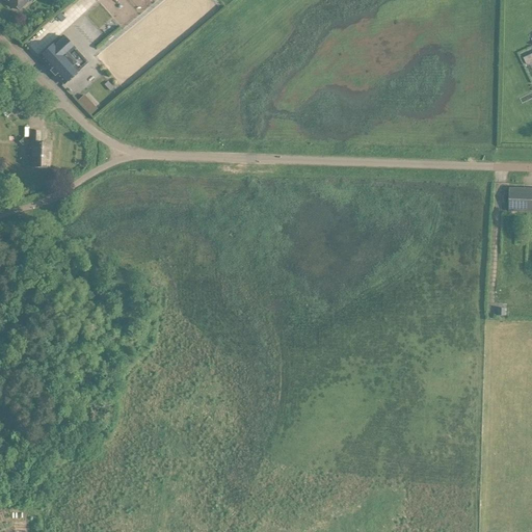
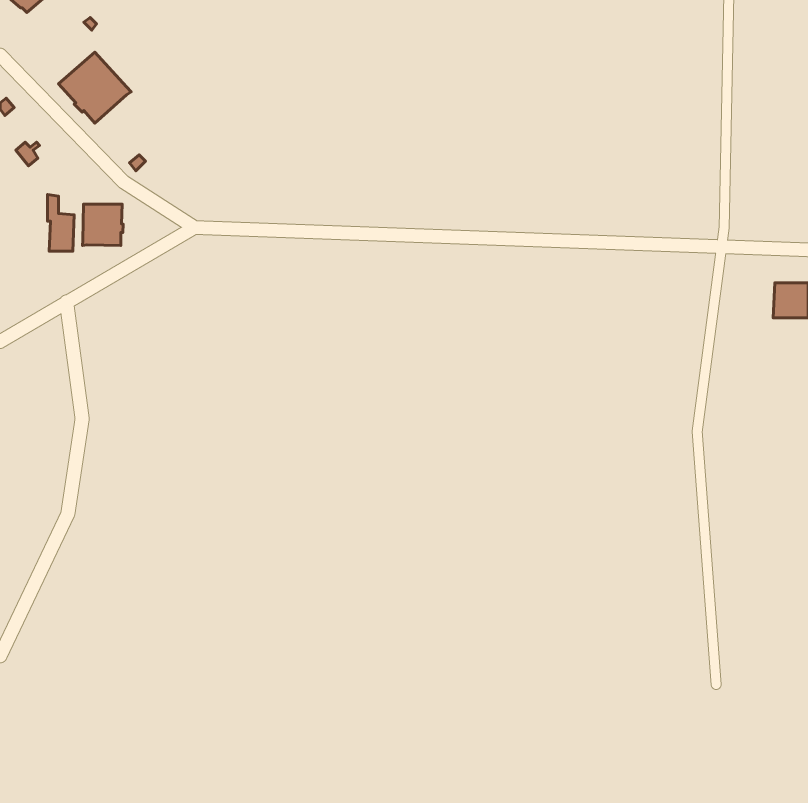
building: none -> [82,204,123,245]

